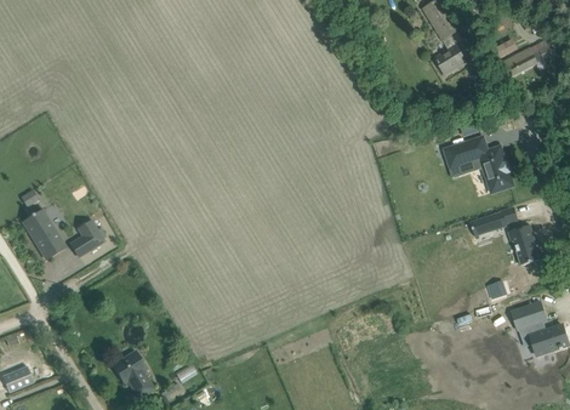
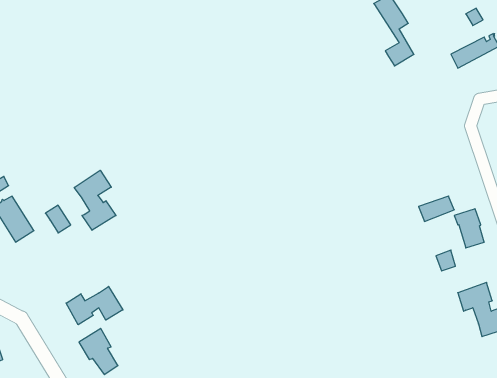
building: [446,137,512,190] -> none
building: none -> [74,170,116,230]
building: none -> [66,286,123,325]

